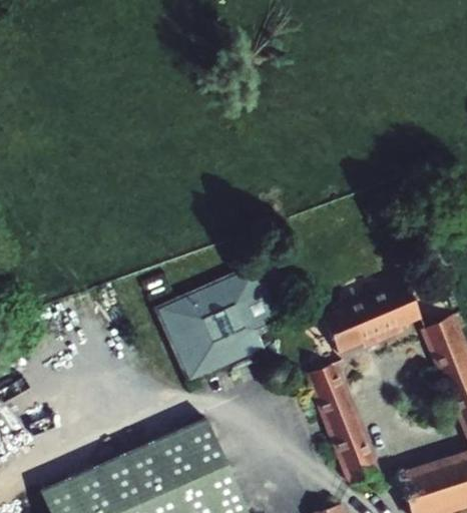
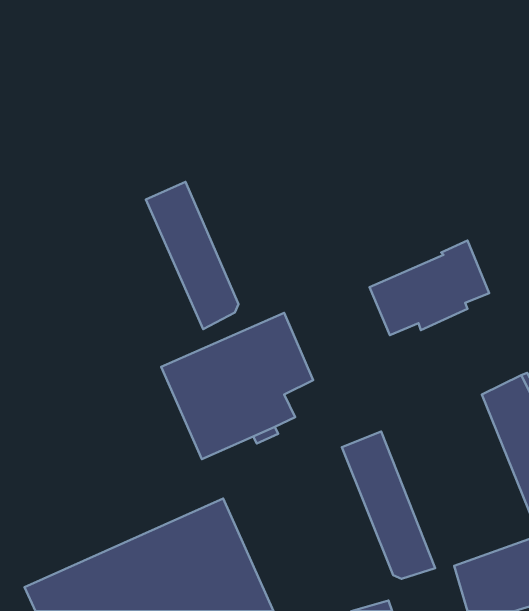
building: none -> [146,182,238,329]
building: [322,275,422,354] -> [369,240,489,335]

